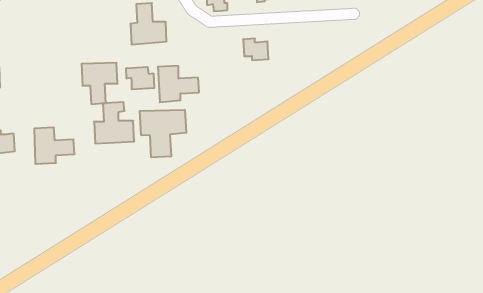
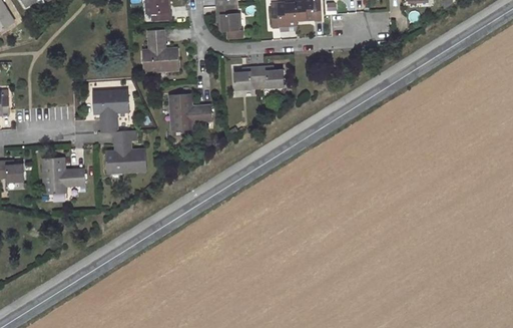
building: none -> [233,66,259,89]
building: [126,67,154,89] -> none
building: [140,110,186,157] -> none

